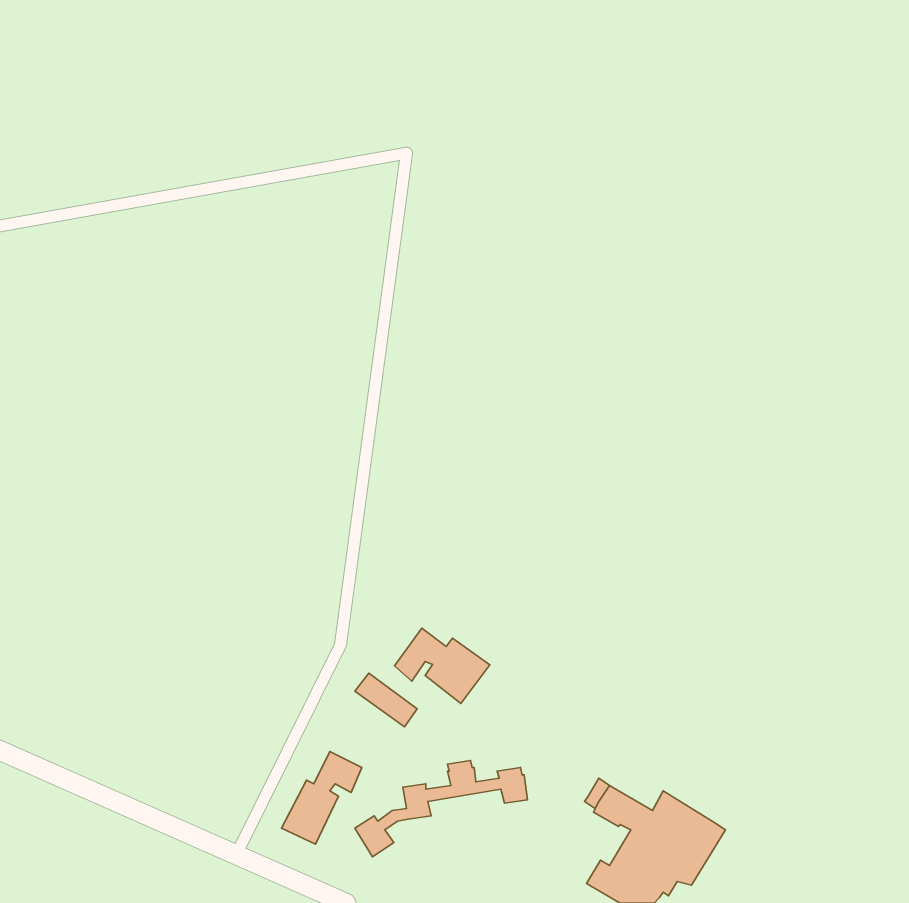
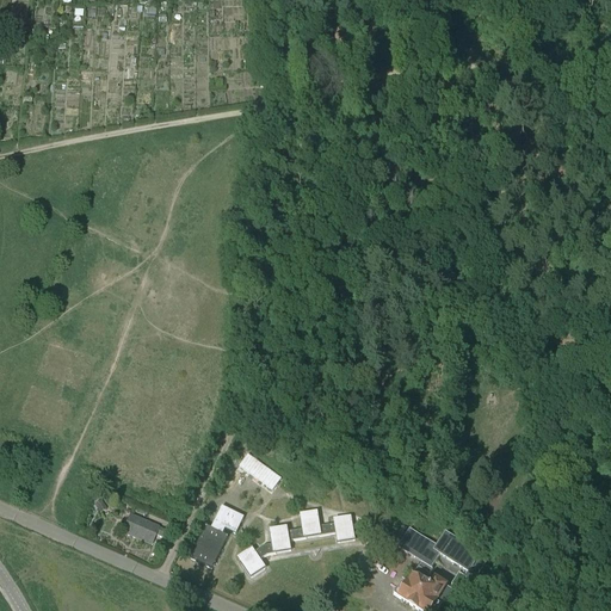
building: [395,628,490,704] -> none
building: none -> [121,512,168,541]

